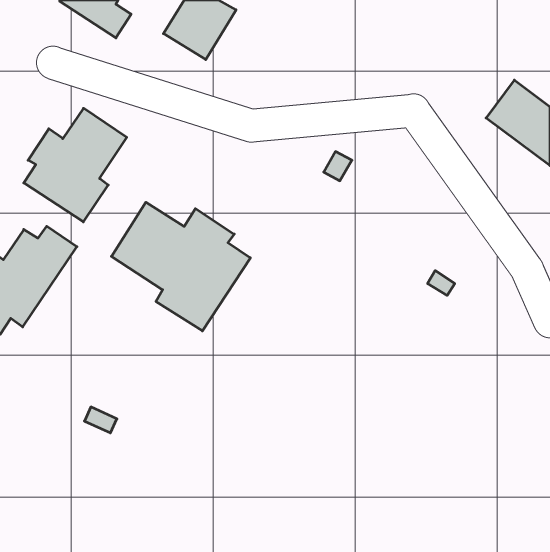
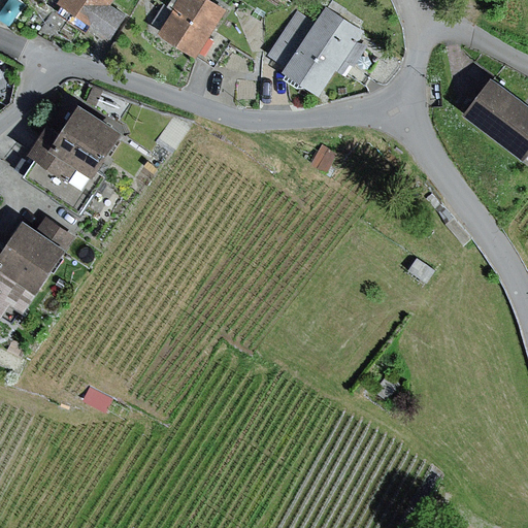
building: none -> [266,6,365,94]
building: [111,202,250,331] -> none

